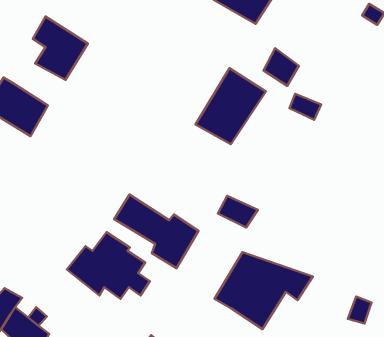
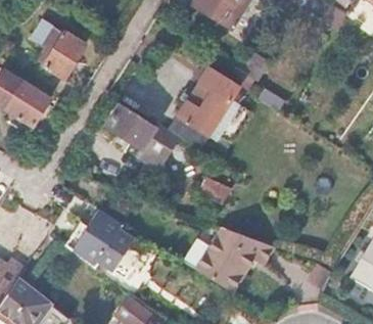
building: [114,195,199,268] -> [105,103,179,168]

